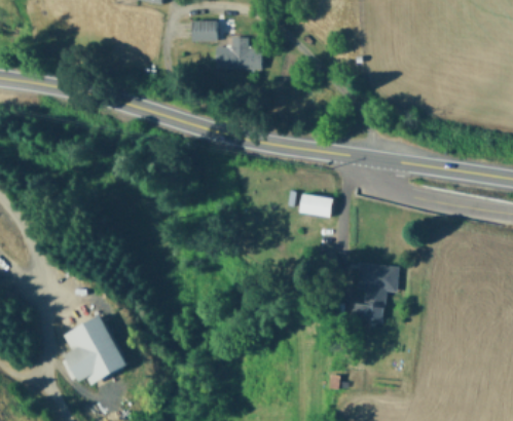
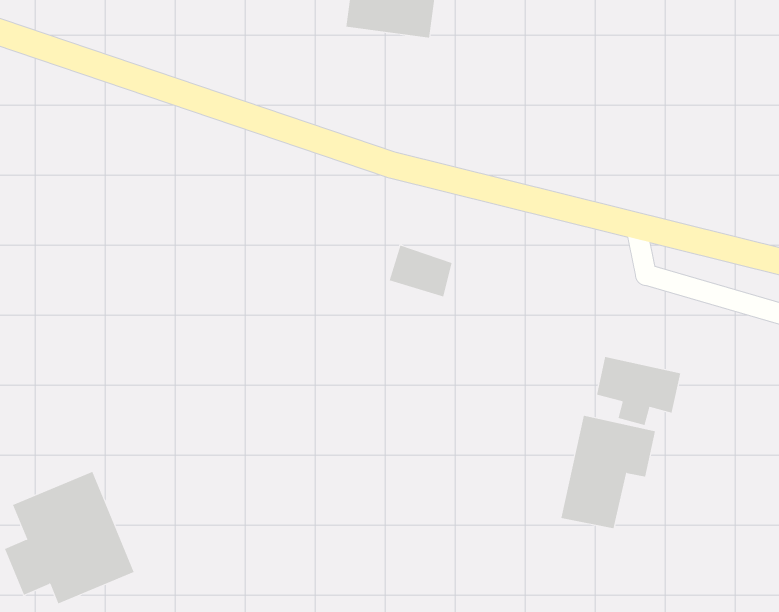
building: [301,192,334,218] -> [389,245,453,297]
building: none -> [596,356,681,426]

